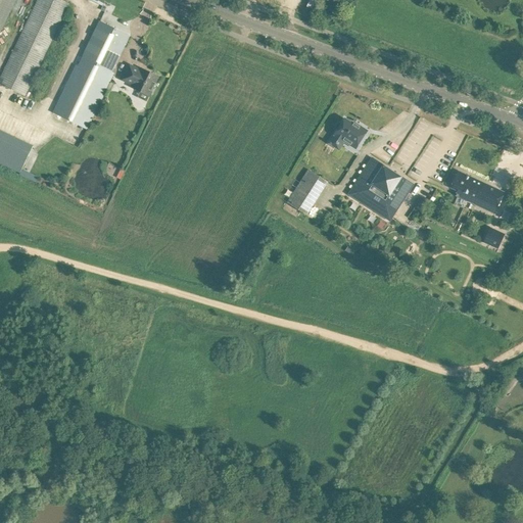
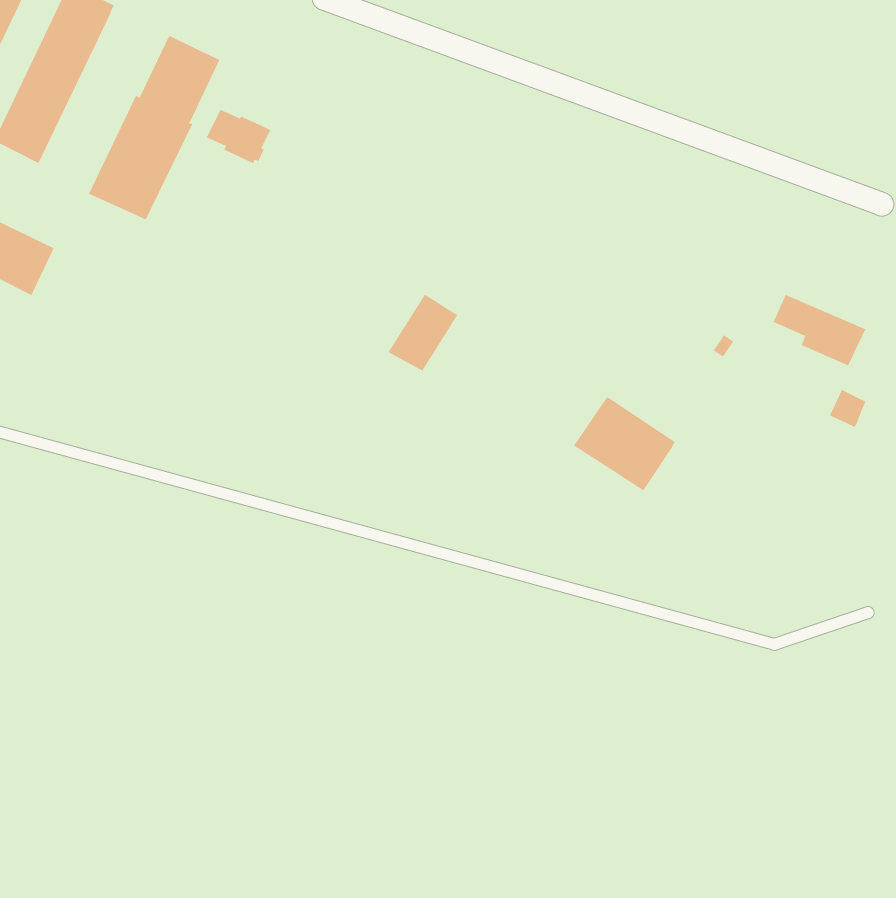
building: [327,118,365,149] -> none
building: [351,157,411,212] -> [573,396,675,491]
building: [285,169,326,213] -> [388,294,458,371]

